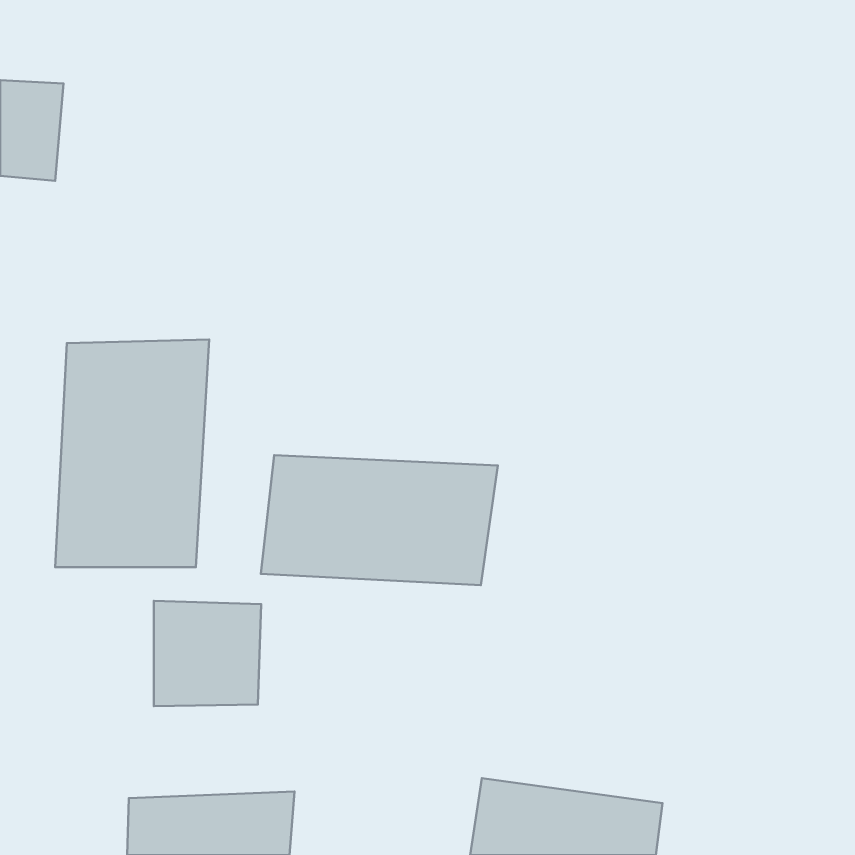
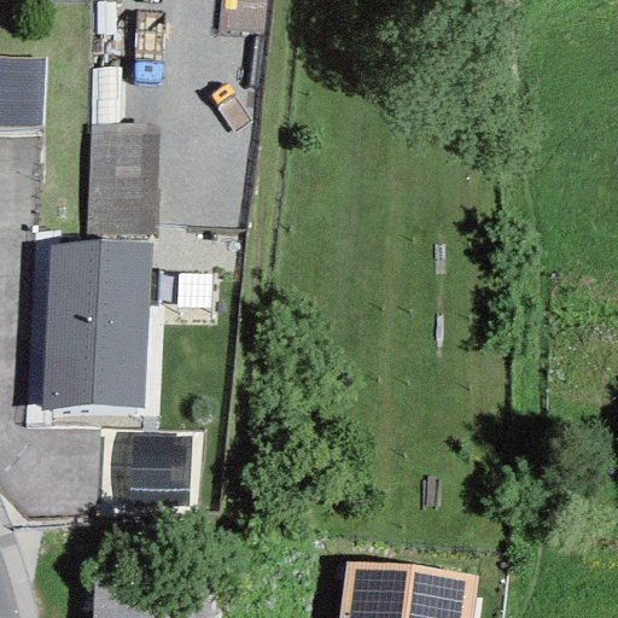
building: none -> [84,128,157,237]
building: [261,455,498,585] -> none

